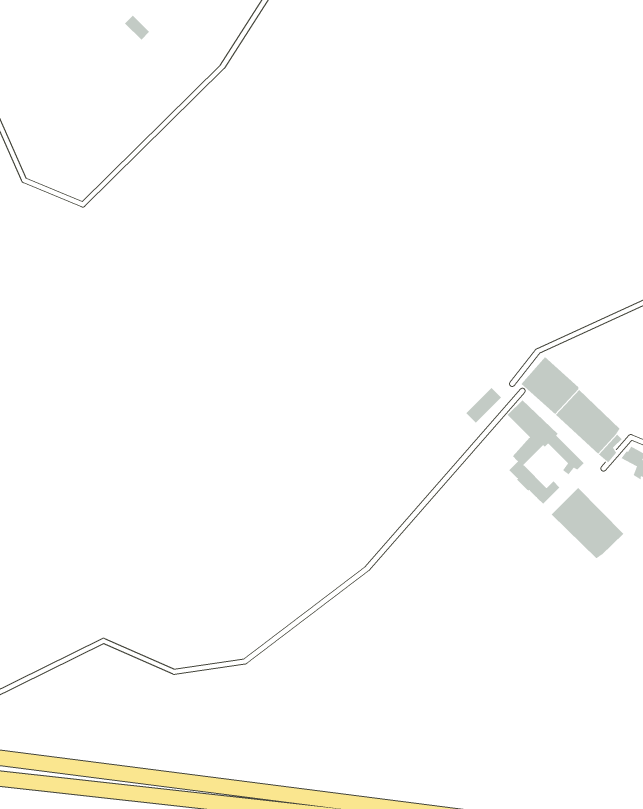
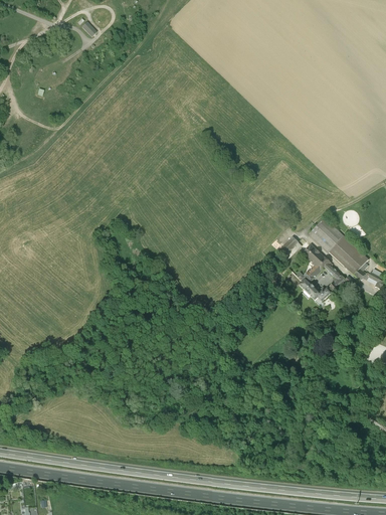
building: [551,487,624,559] -> none

